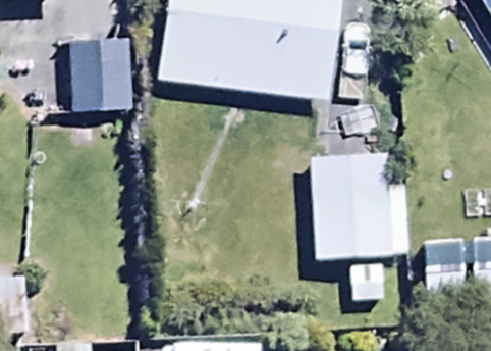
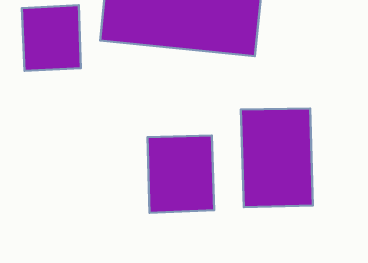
building: none -> [147,135,214,213]

